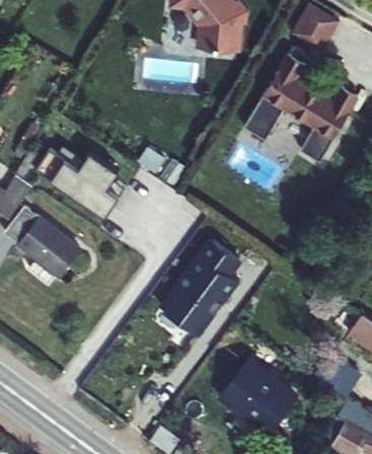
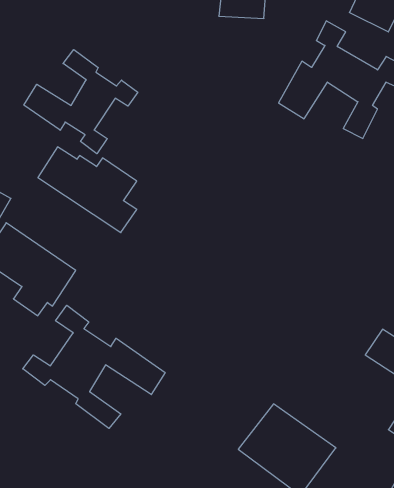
building: none -> [24,50,138,154]
building: [169,233,246,328] -> none
building: none -> [23,305,165,428]

